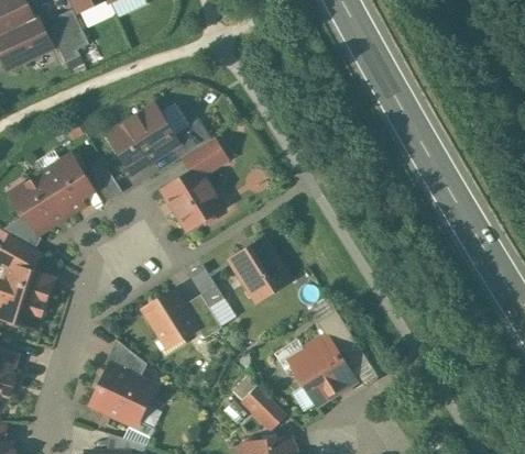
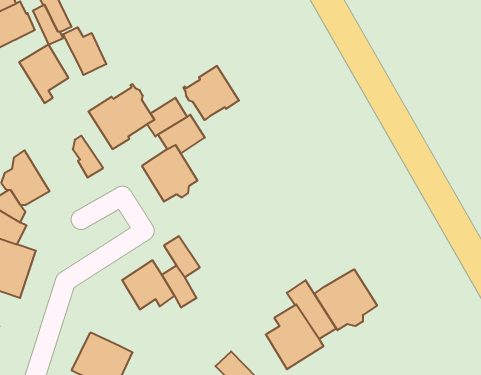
building: none -> [63,27,106,75]
building: none -> [183,66,239,120]
building: [40,156,91,218] -> [19,44,68,103]
building: [230,240,289,301] -> none
building: none -> [314,269,377,330]
building: [103,340,146,380] -> none

